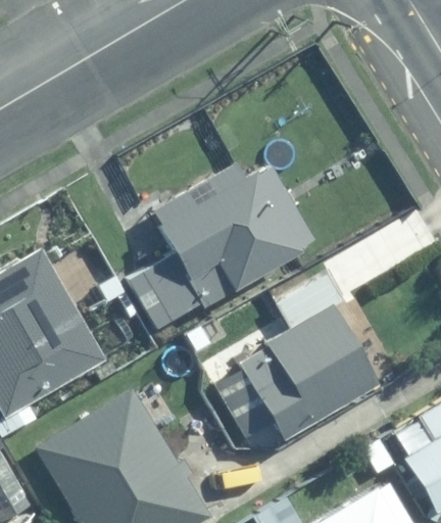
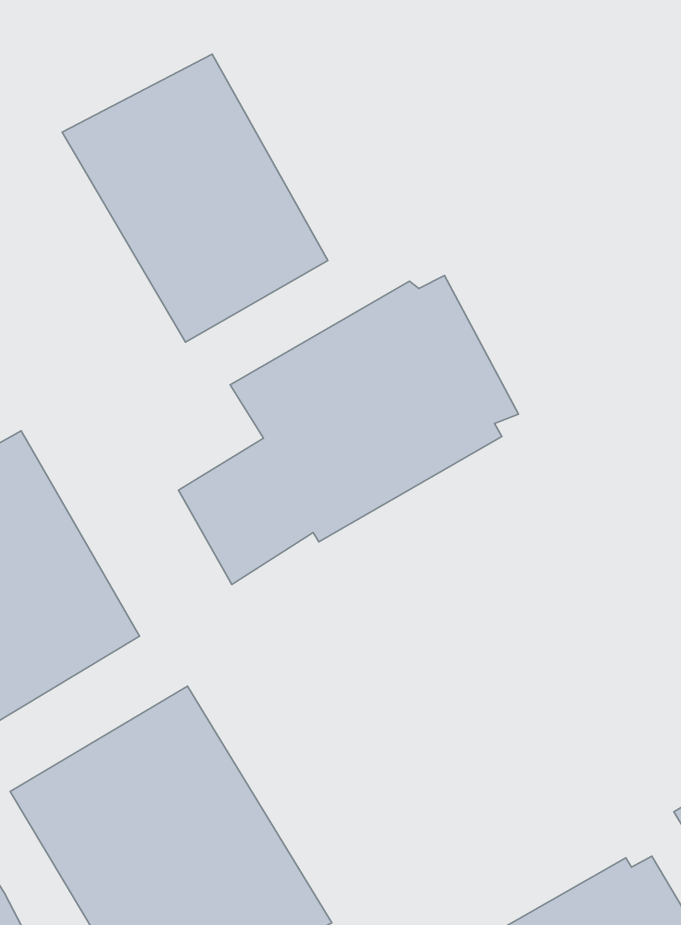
building: none -> [62,54,328,342]
building: [212,275,377,438] -> none

